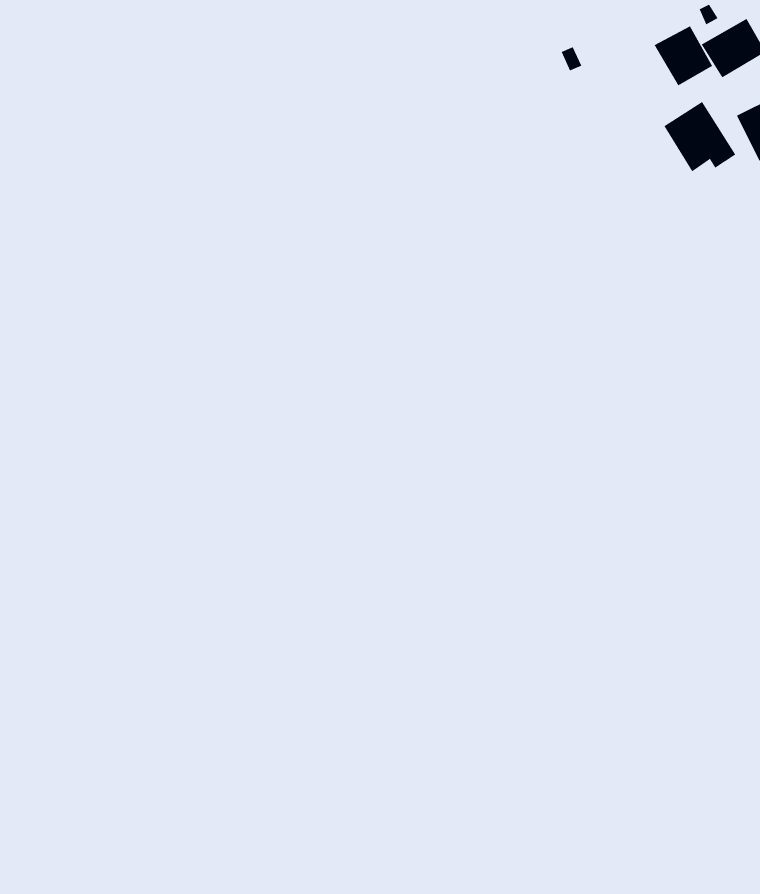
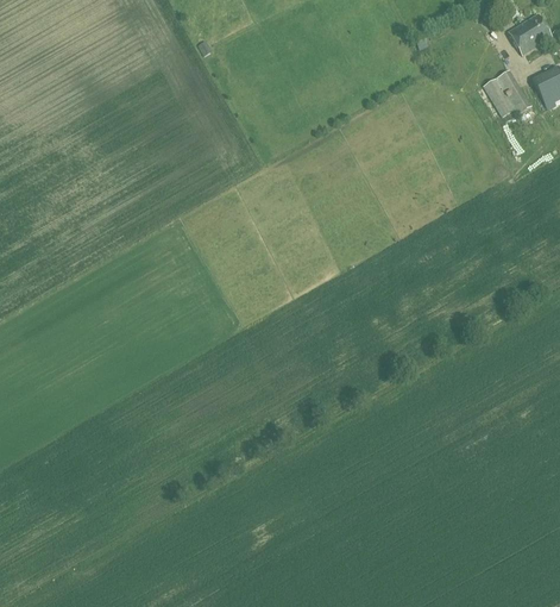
building: [654,26,713,86] -> none

